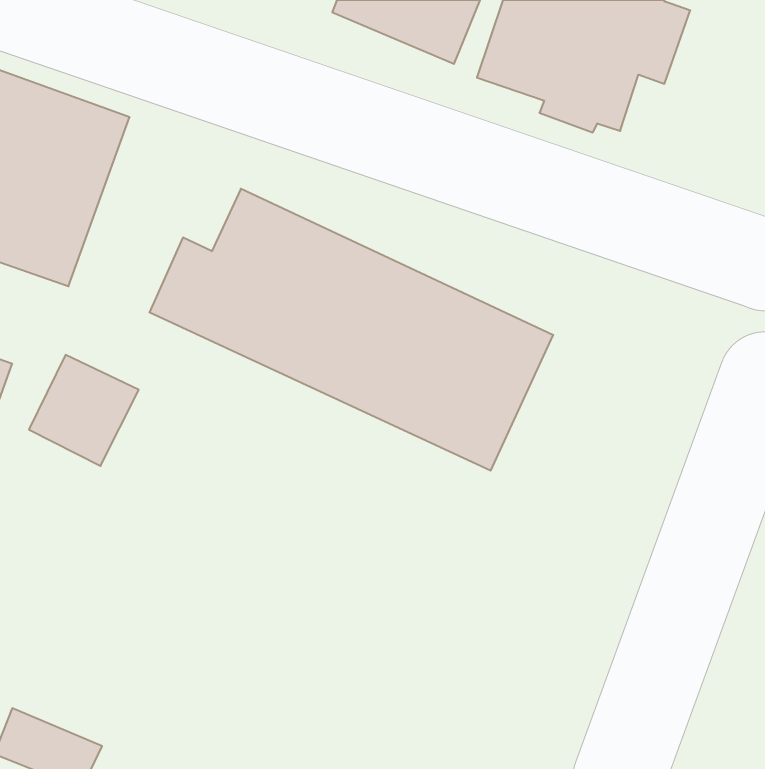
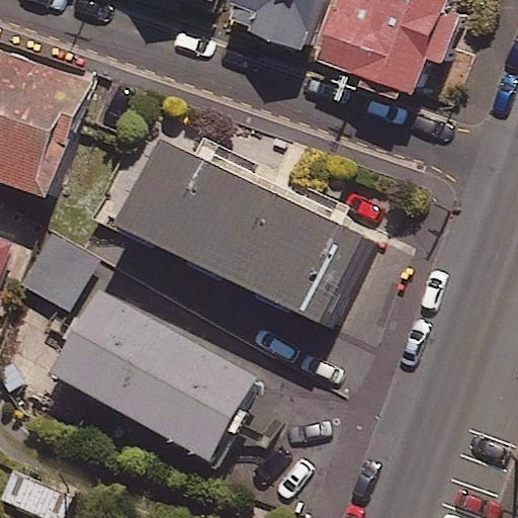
building: none -> [54,293,257,461]

